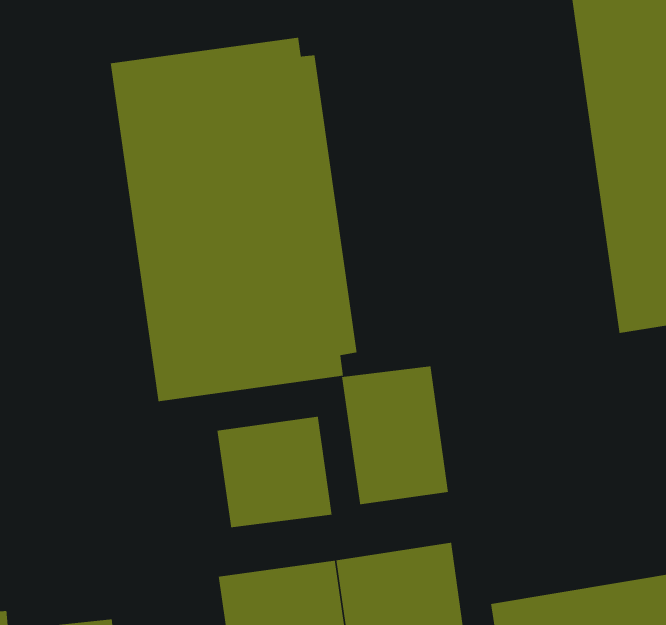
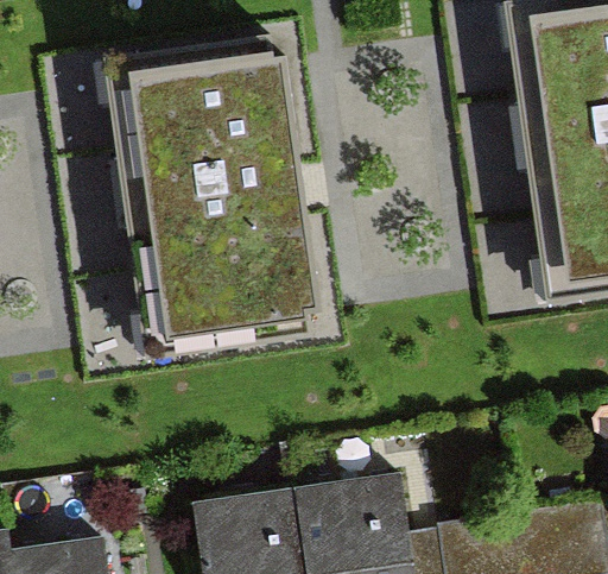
building: [341,365,449,505] -> none
building: [217,416,333,528] -> none

